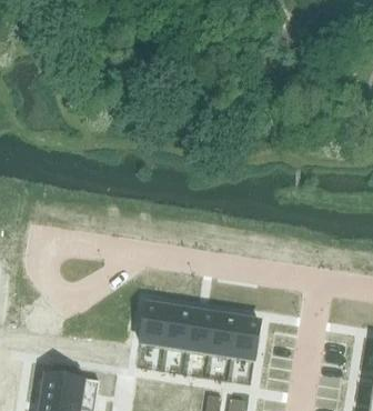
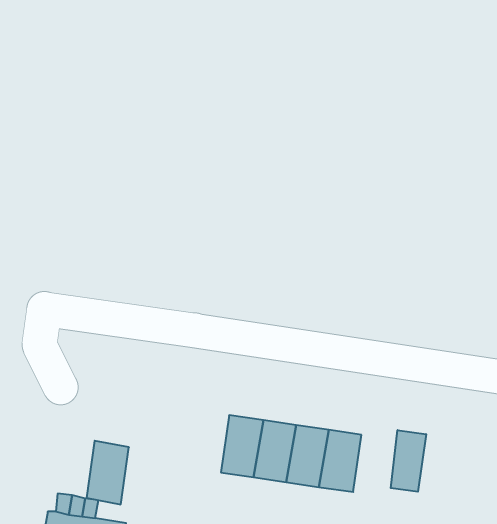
building: [139,301,168,344] -> [86,441,129,504]
building: none -> [391,430,426,492]

